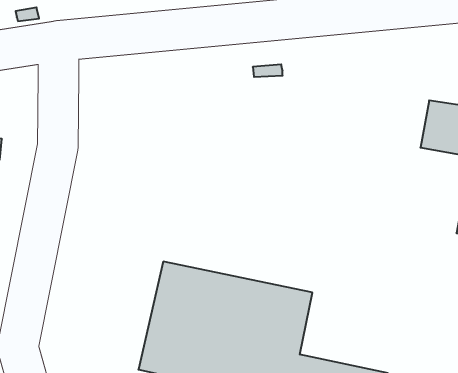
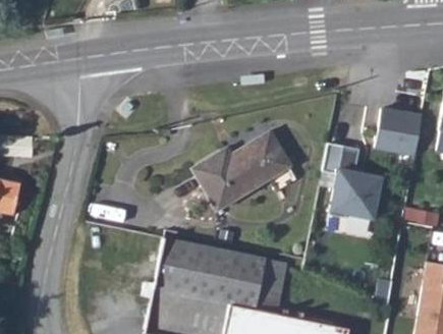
building: none -> [193,131,290,210]
building: none -> [321,140,381,216]

